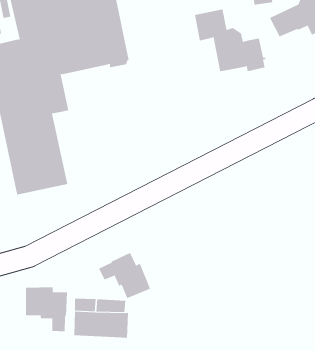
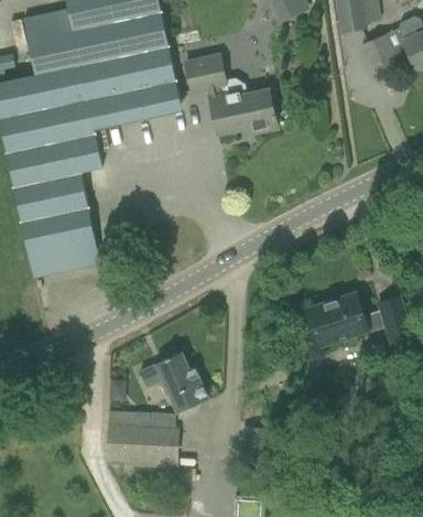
building: [194,9,266,72] -> [184,53,278,134]
building: none -> [305,294,413,347]
building: [25,286,67,332] -> none

